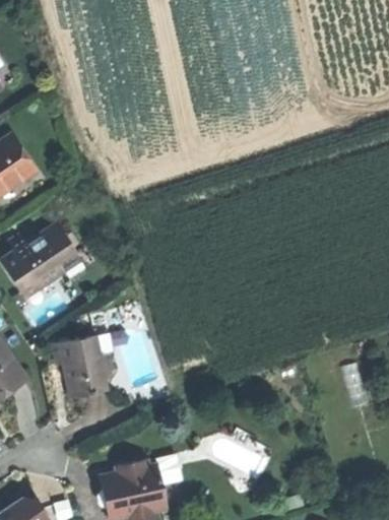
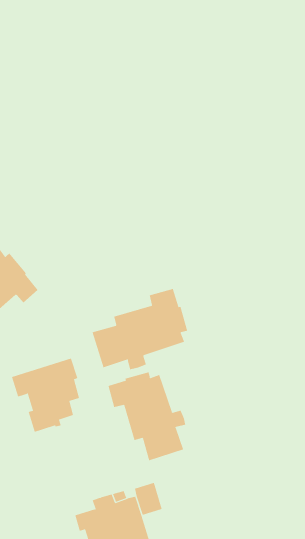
building: none -> [92,288,188,370]
building: none -> [108,371,186,461]

